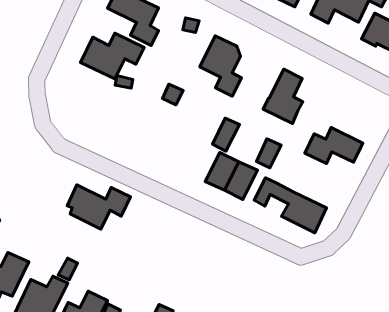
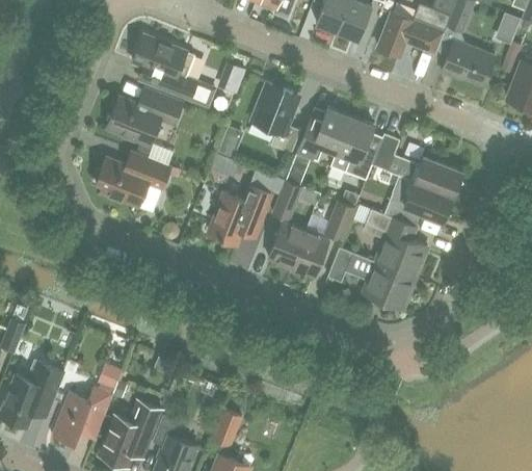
building: none -> [295,107,350,160]
building: none -> [371,133,461,197]
building: none -> [208,186,270,245]
building: none -> [366,209,427,278]
building: [67,185,130,229] -> [96,156,170,207]

